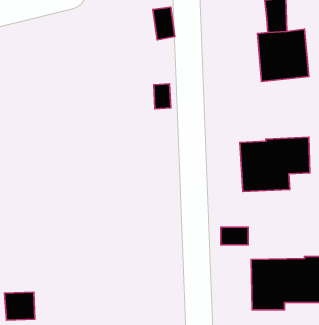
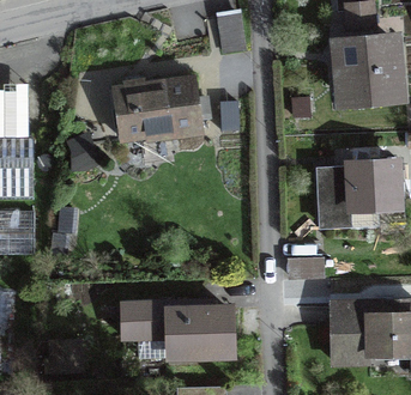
building: none -> [115,77,201,139]
building: none -> [122,300,231,353]

